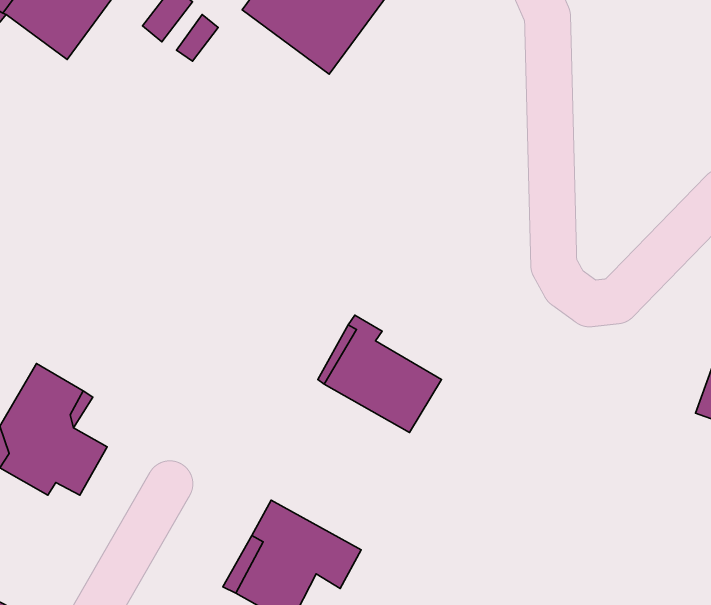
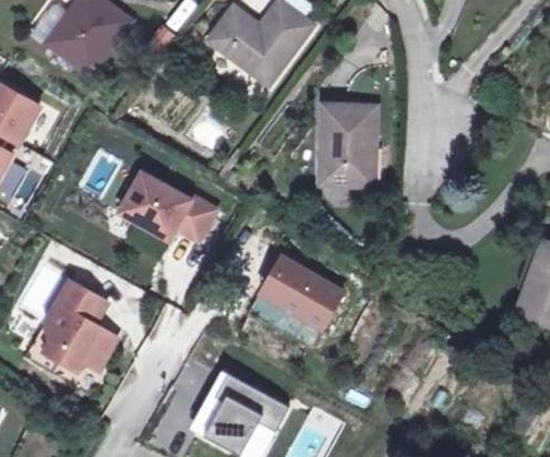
building: none -> [320,105,376,185]
building: none -> [120,172,216,240]

